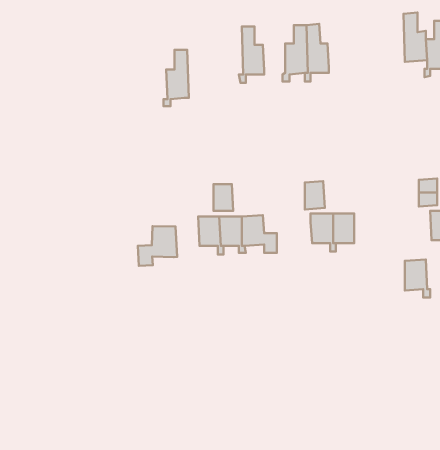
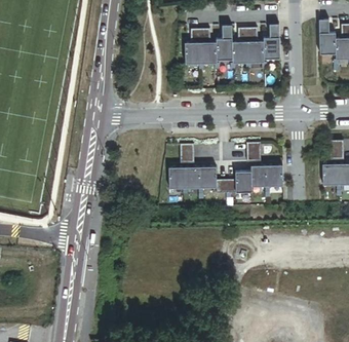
building: none -> [263,24,280,59]
building: none -> [216,25,232,61]
building: [163,50,189,106] -> [183,29,201,70]
building: none -> [226,172,251,199]
building: [138,226,177,266] -> none
building: [405,260,430,297] -> [322,163,341,191]

